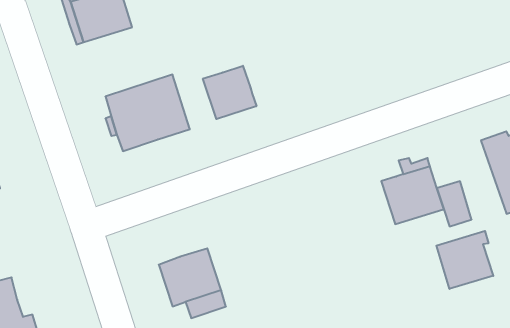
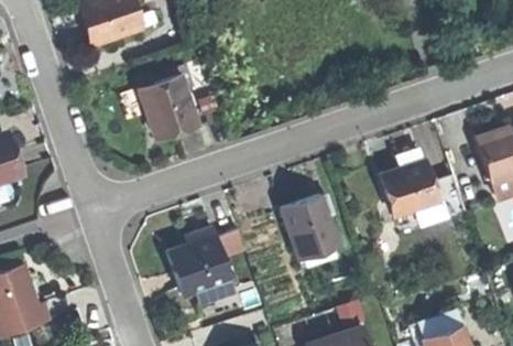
building: [203,66,256,119] -> none
building: none -> [282,192,338,257]
building: [436,231,493,289] -> none

